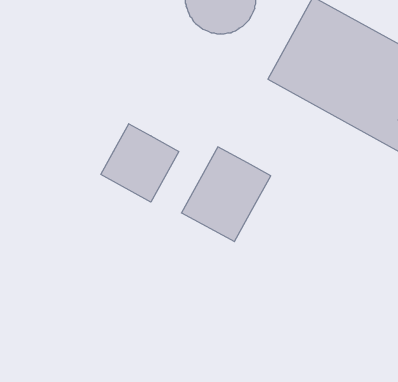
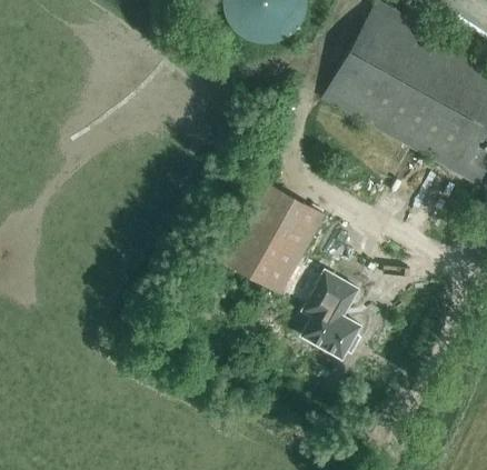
building: [101,124,179,202] -> none
building: none -> [285,263,361,359]

